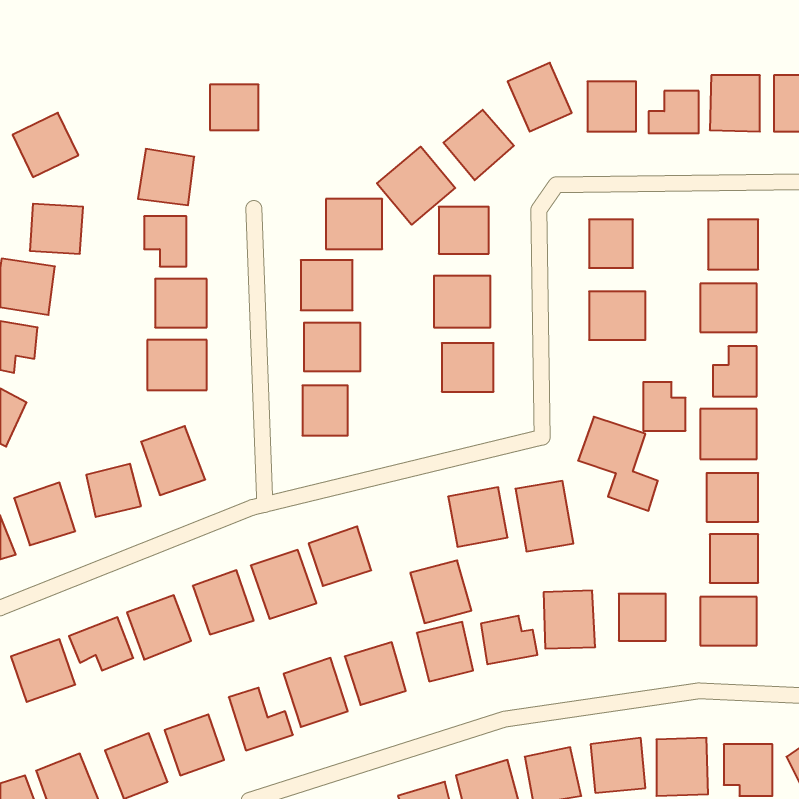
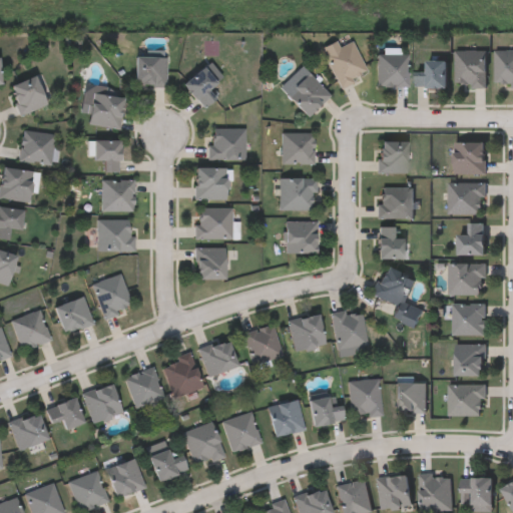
building: none -> [183,66,220,103]
building: [377,147,455,225] -> none
building: [643,382,686,431] -> [376,227,403,259]
building: [410,560,471,623] -> [243,324,283,364]

